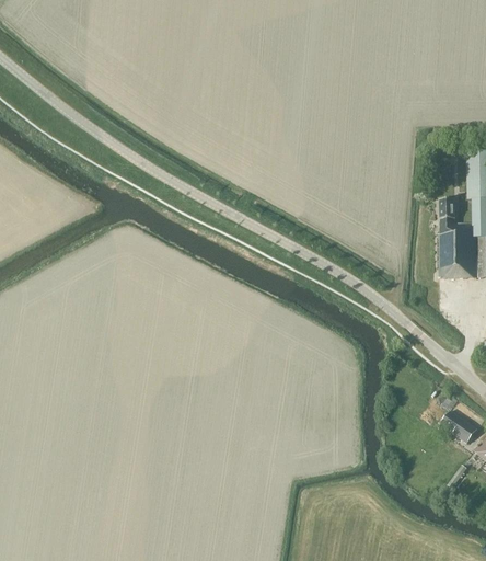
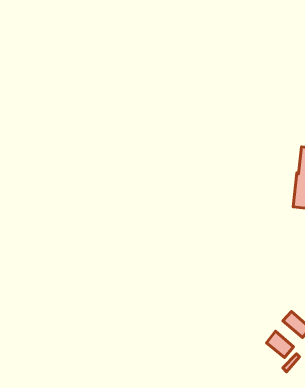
building: none -> [266,331,294,357]

